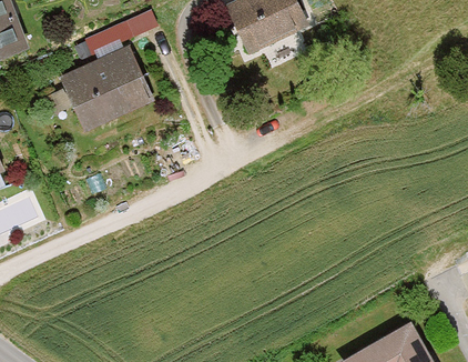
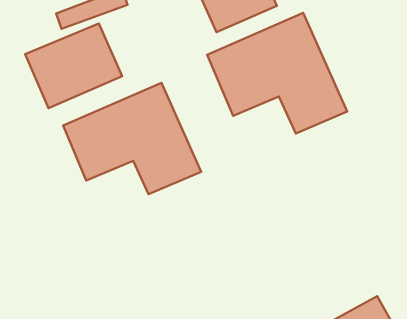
building: none -> [207,13,347,133]
building: none -> [63,83,201,194]

